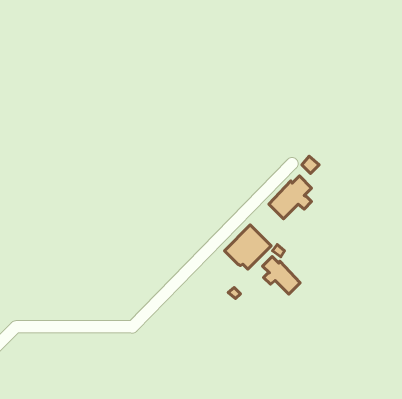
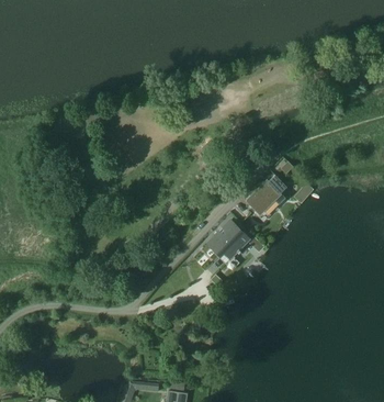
building: [263,256,300,294] -> none

